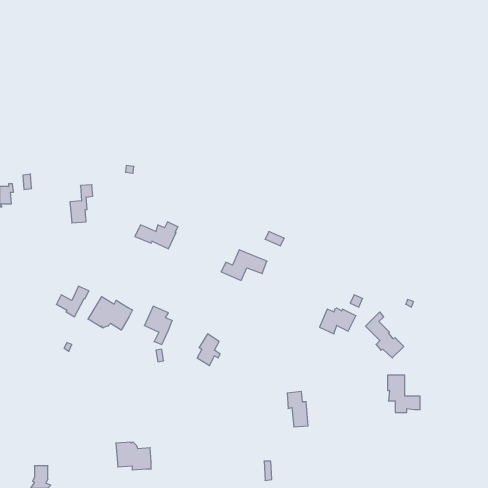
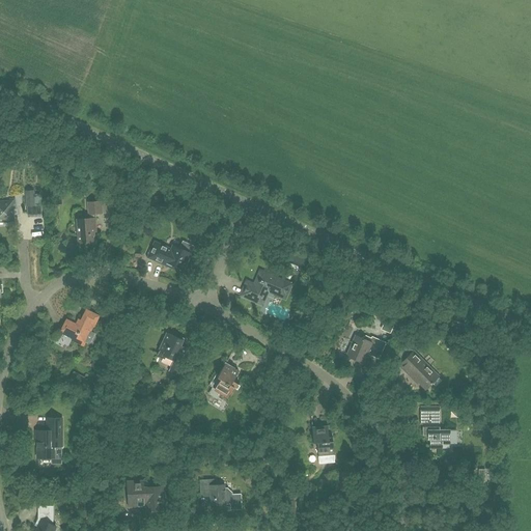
building: [88,297,133,330] -> none
building: none -> [35,417,61,456]
building: none -> [198,478,241,509]

